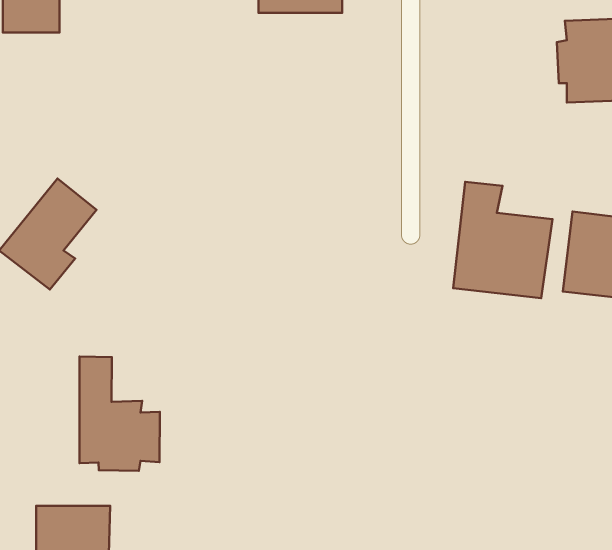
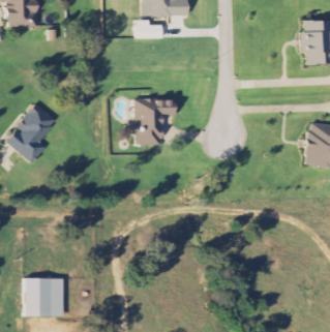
building: none -> [132,98,173,144]
building: [453,182,553,298] -> none
building: [79,356,160,471] -> none

